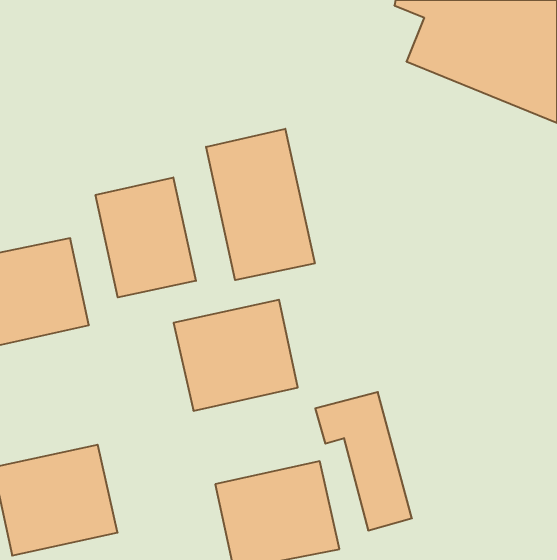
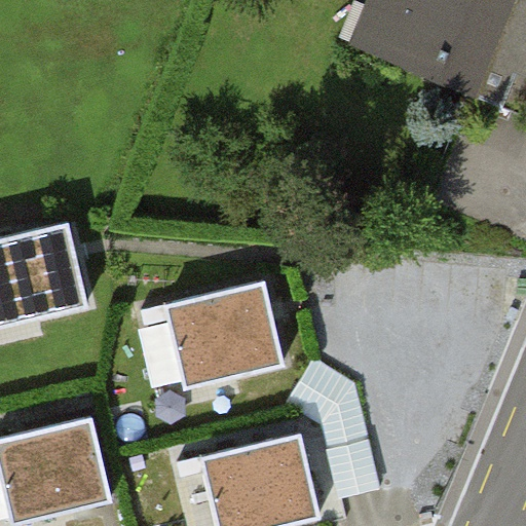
building: [206,129,315,280] -> none
building: [96,177,196,297] -> none

